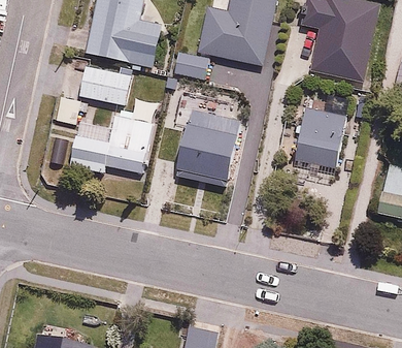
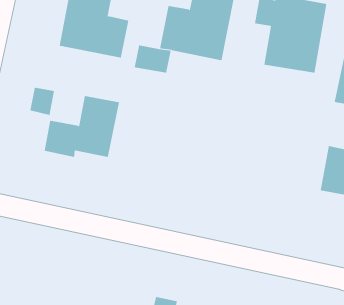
building: [77,64,129,103] -> none
building: [176,93,241,185] -> none
building: [294,98,347,177] -> none

